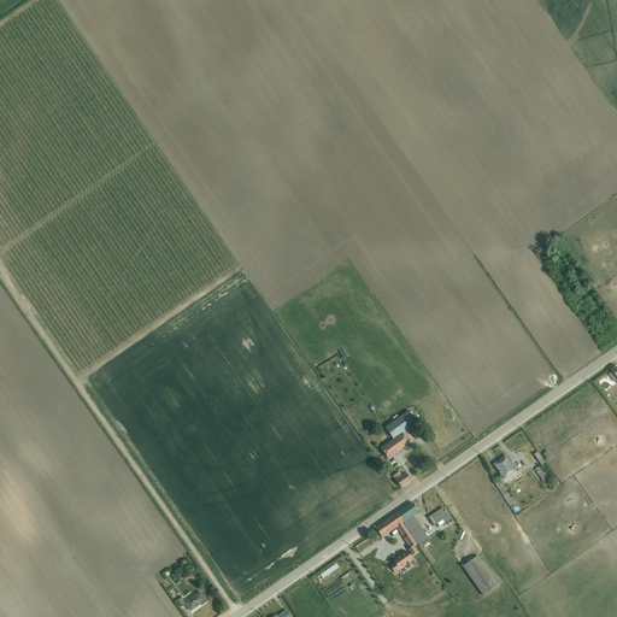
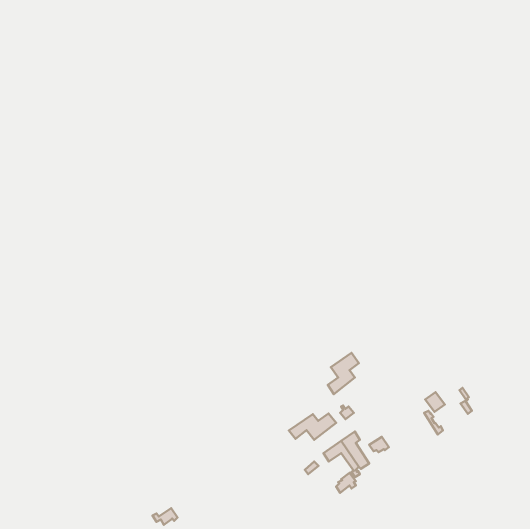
building: none -> [289,413,336,440]
building: [462,554,499,595] -> none

